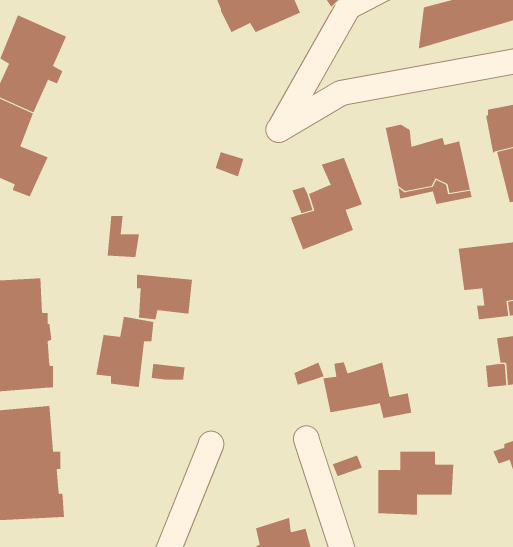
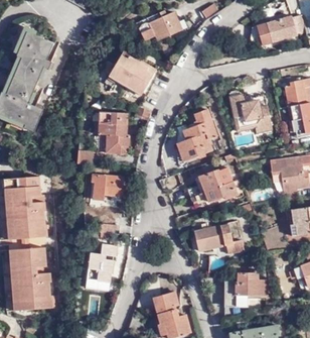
building: none -> [108,50,156,96]
building: none -> [97,112,129,154]
building: none -> [188,166,237,206]
building: [96,316,154,387] -> [86,243,118,283]
building: none -> [152,292,177,315]

